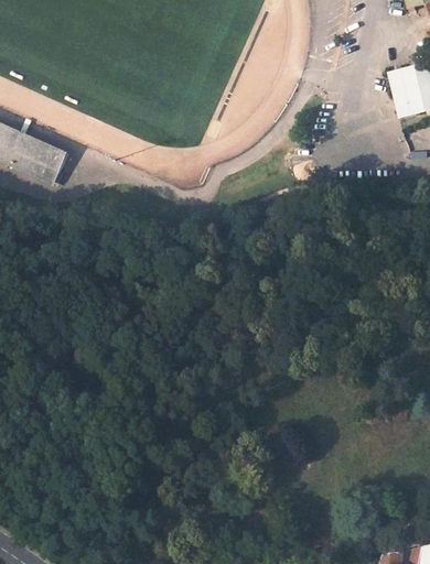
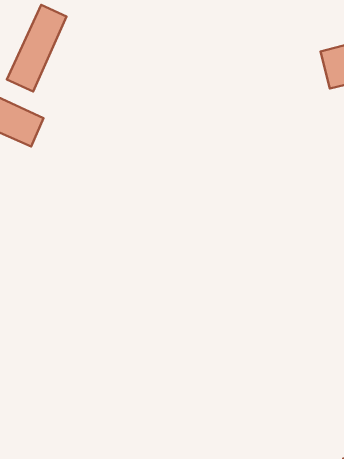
building: none -> [7,5,66,91]

